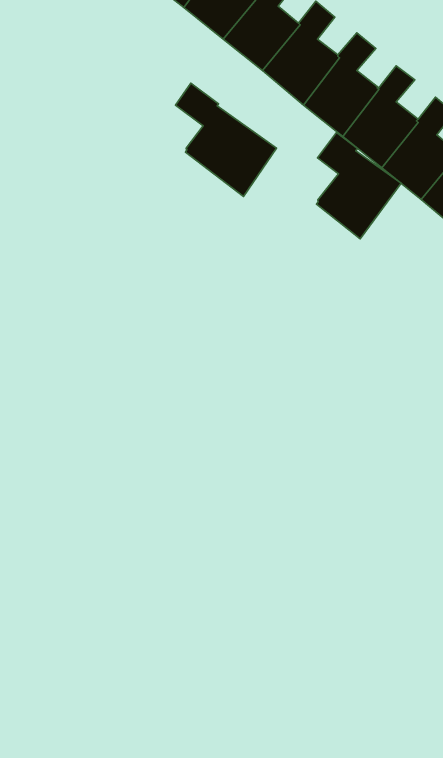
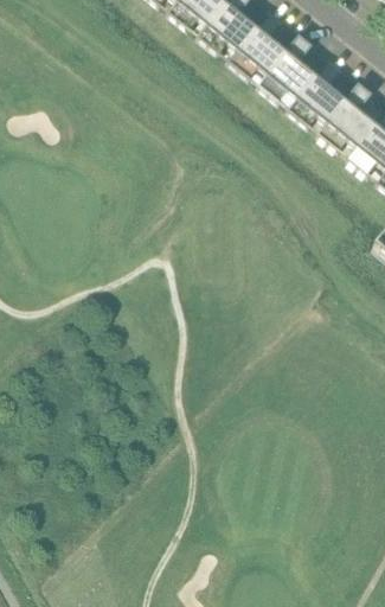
building: [176,83,277,197] -> none
building: [316,133,401,239] -> none

